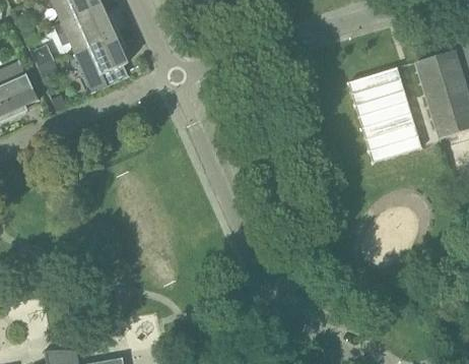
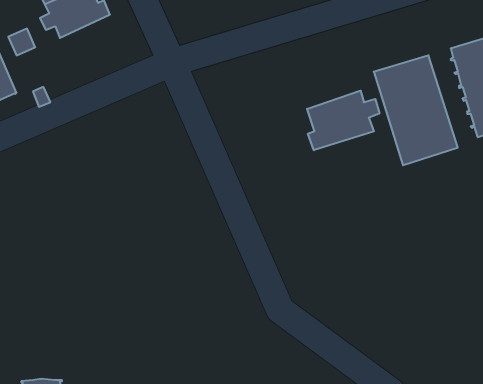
building: [75,33,129,94] -> none
building: none -> [307,91,379,150]

